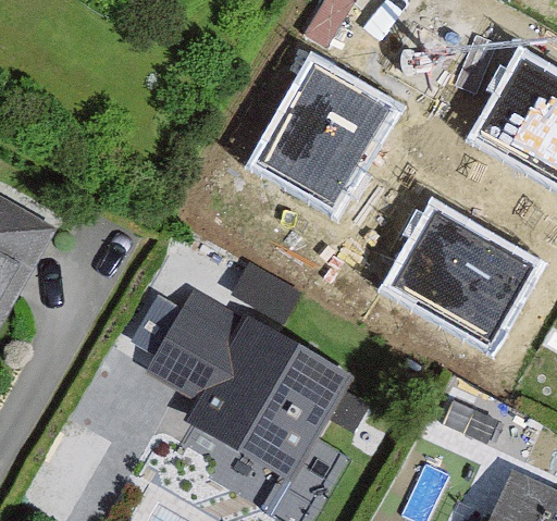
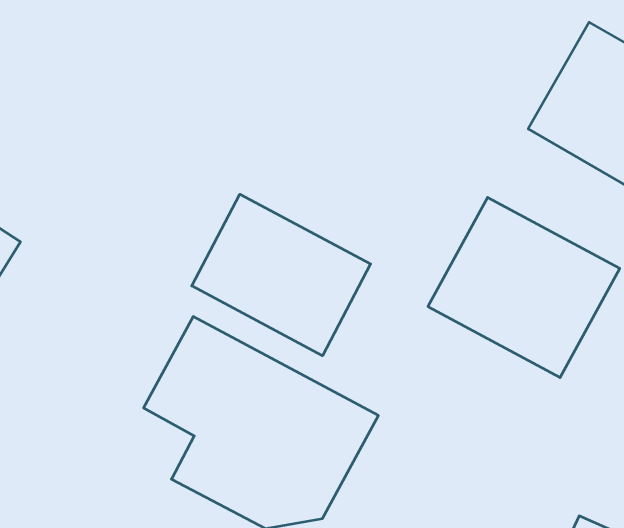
building: [250,52,404,213] -> none
building: none -> [192,194,371,356]

